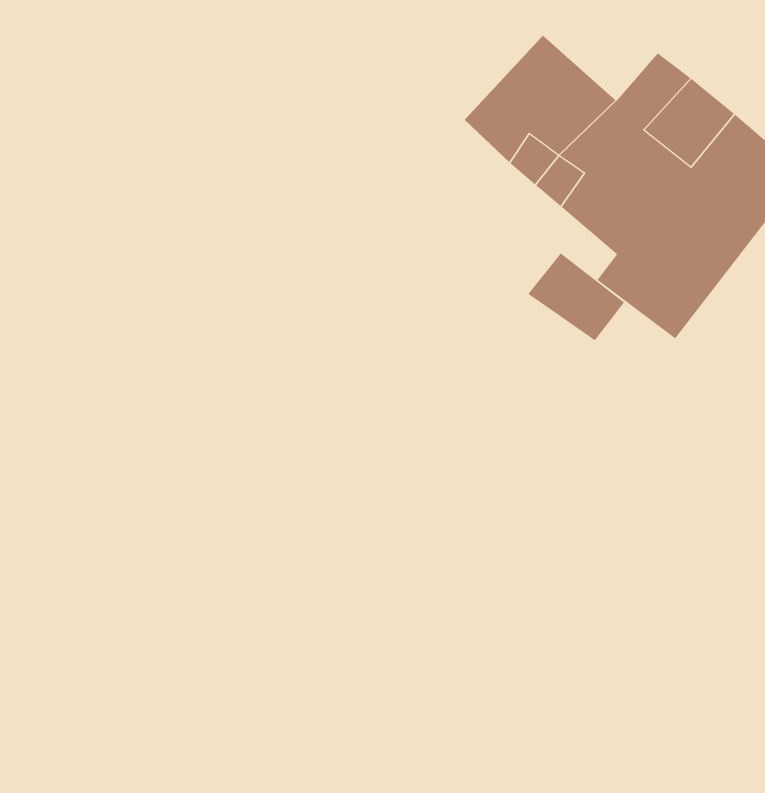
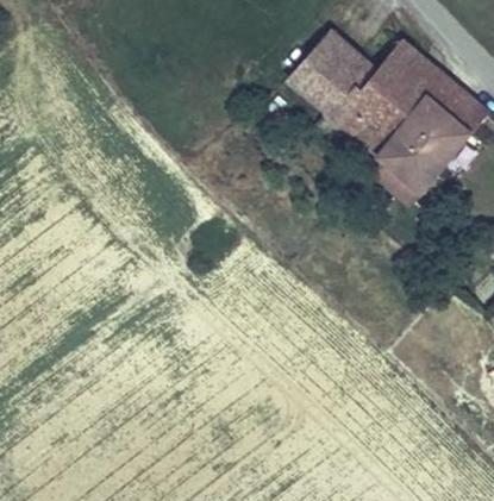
building: [528,253,625,341] -> none

